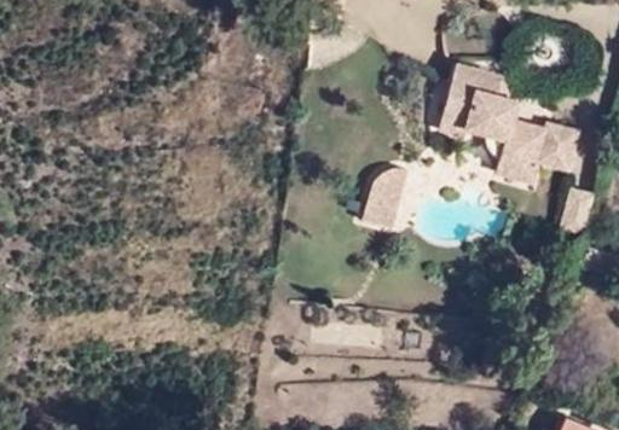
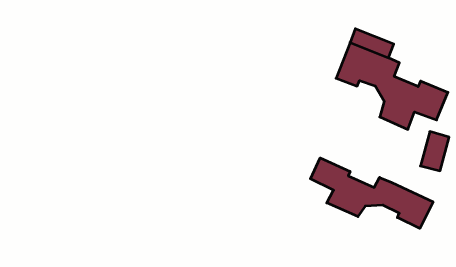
building: [368,174,407,231] -> none
building: none -> [310,158,433,228]

